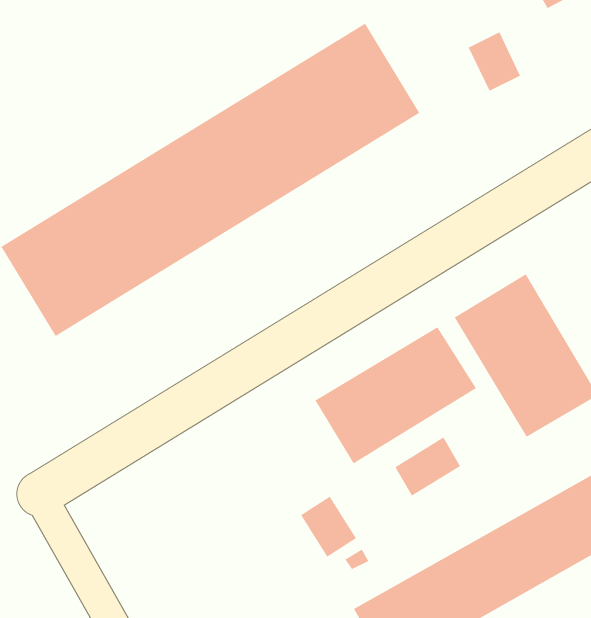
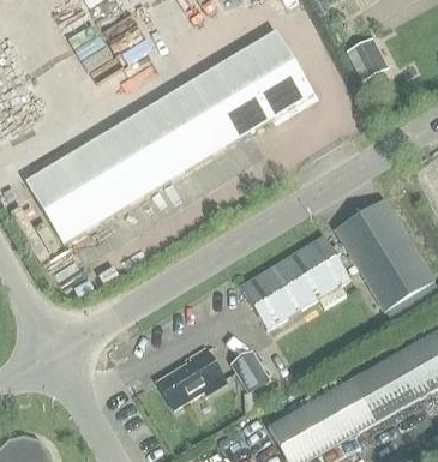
building: [394,437,461,497] -> none
building: none -> [156,346,226,408]

